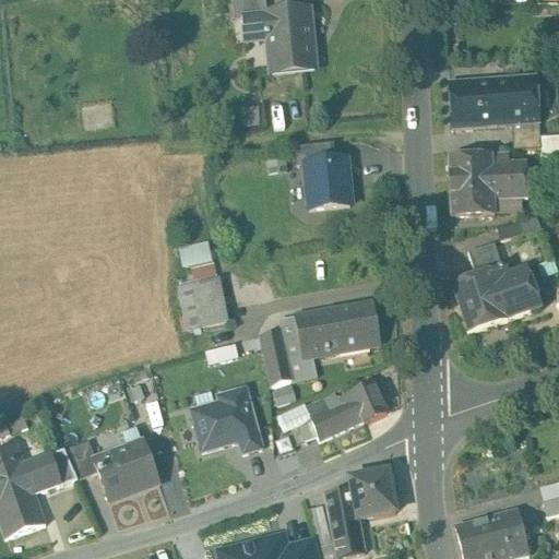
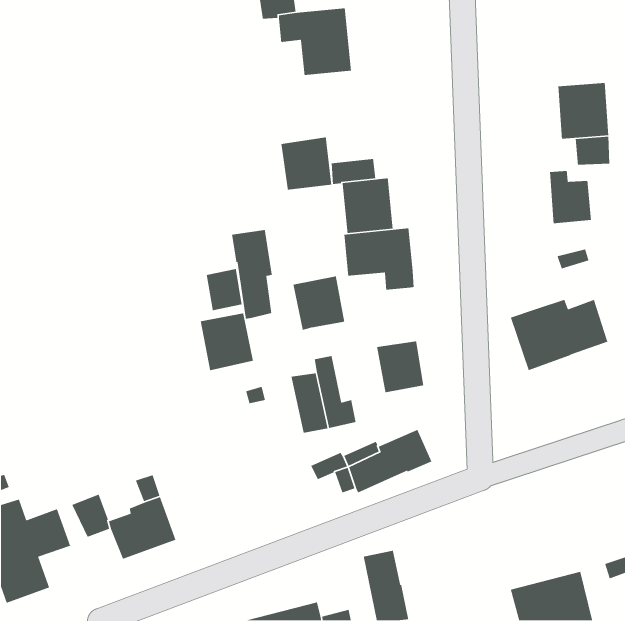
building: [450,76,501,127] -> none
building: none -> [281,137,332,190]
building: [449,153,495,217] -> none
building: none -> [343,228,414,291]
building: none -> [231,229,273,319]
building: [471,241,504,275] -> none
building: [297,309,344,358] -> [292,276,345,331]
building: [189,385,263,455] -> none
building: [350,472,397,521] -> none

